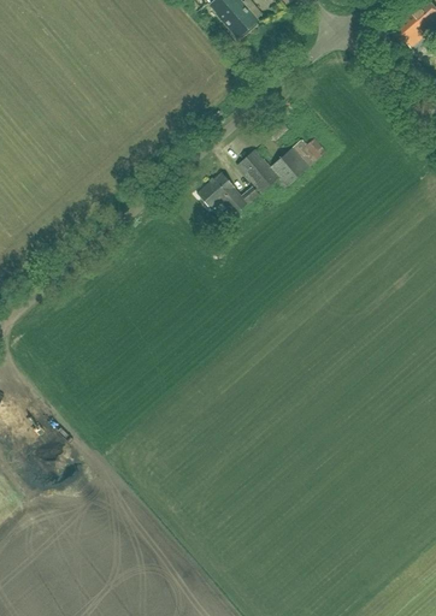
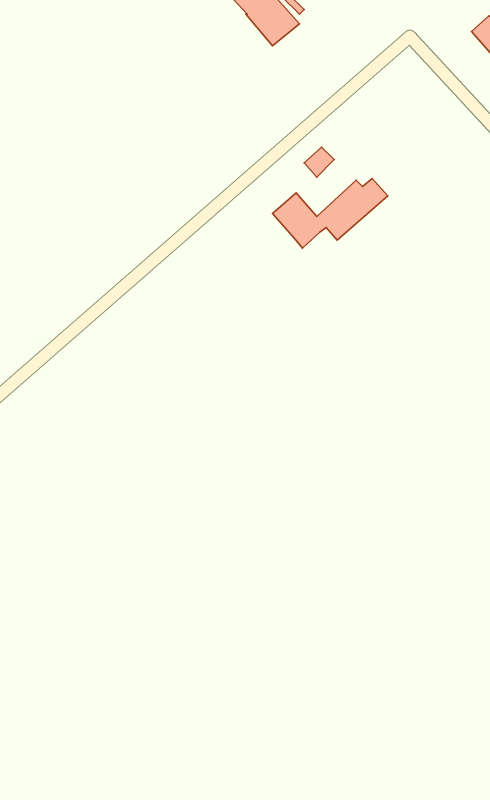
building: [196,173,259,215] -> none

